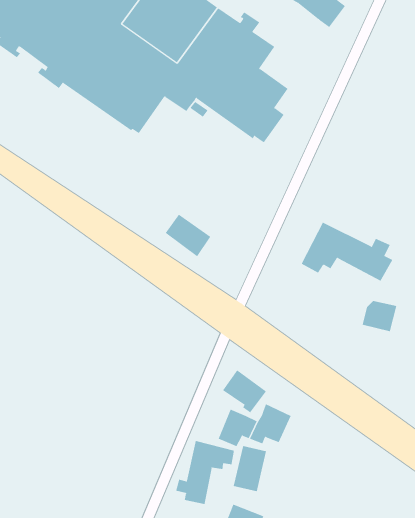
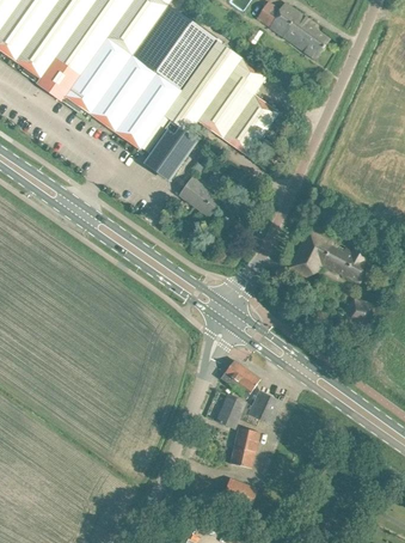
building: none -> [147,120,196,176]
building: [165,214,211,257] -> [179,178,220,216]
building: [176,440,235,505] -> none

